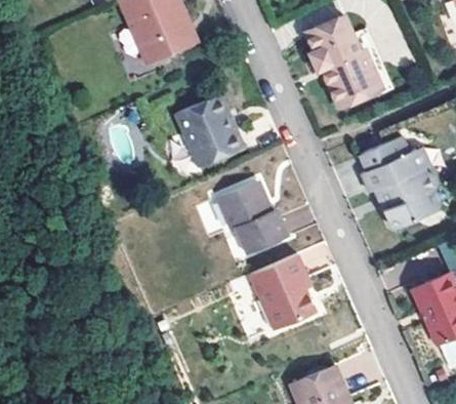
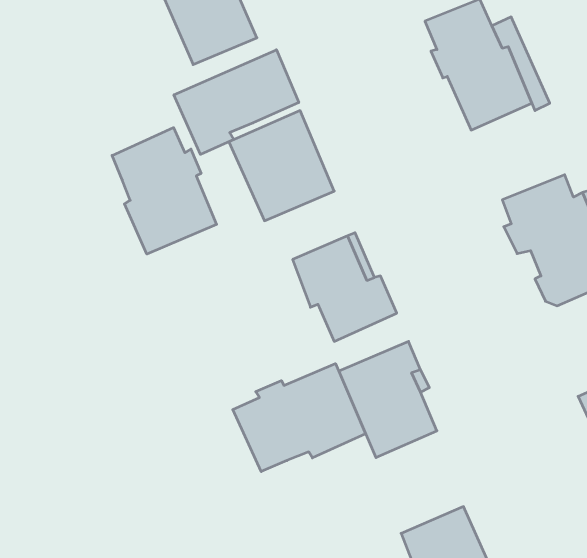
building: none -> [174,50,299,154]
building: none -> [112,128,217,254]
building: none -> [233,364,366,472]

